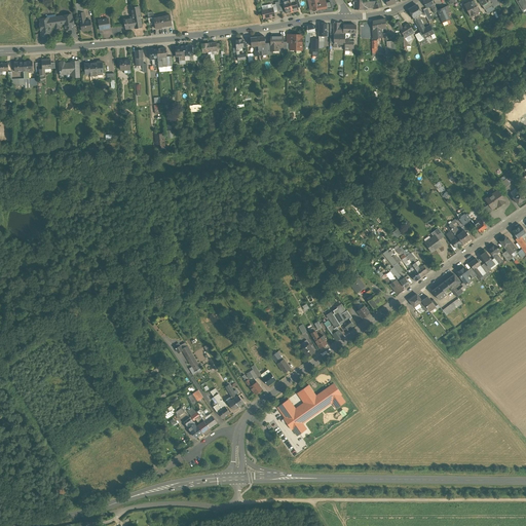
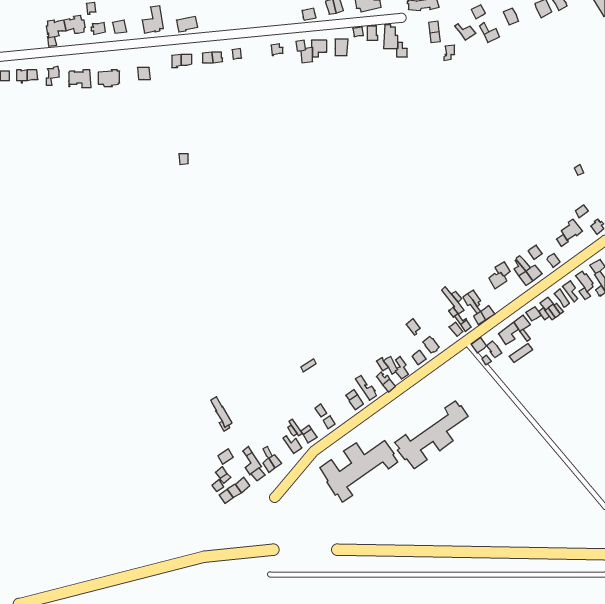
building: none -> [394,401,468,469]

